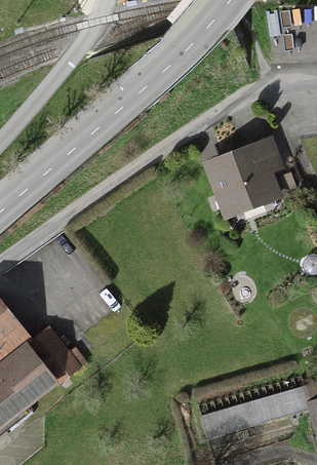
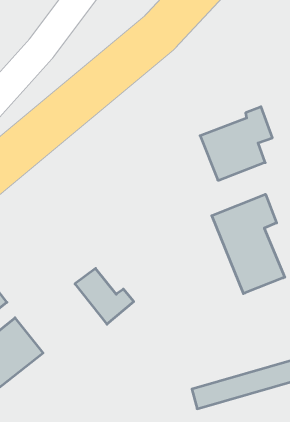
building: none -> [212,194,285,294]
building: [27,328,85,384] -> [75,268,134,324]

